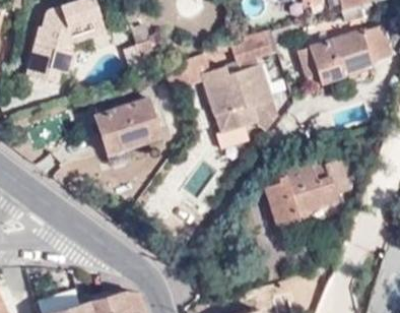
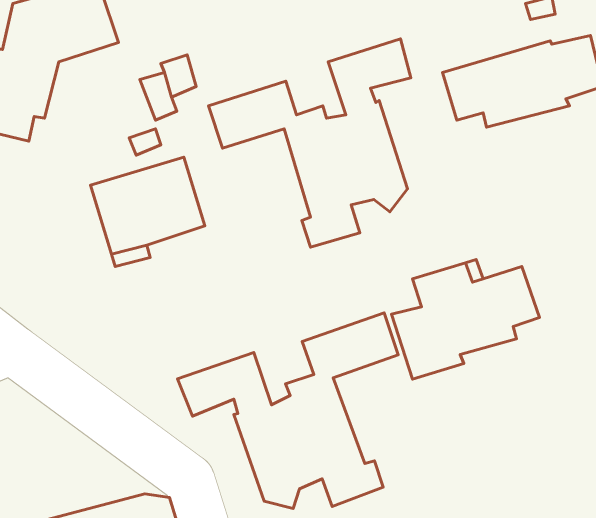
building: none -> [178,313,398,508]

